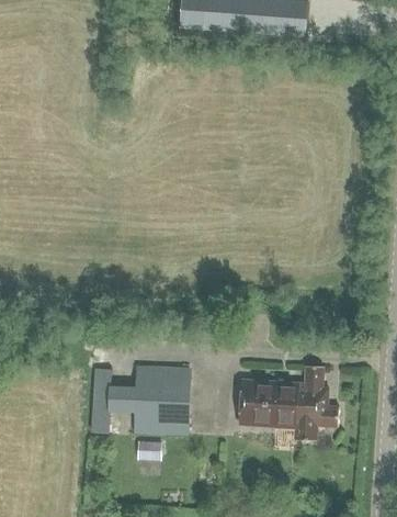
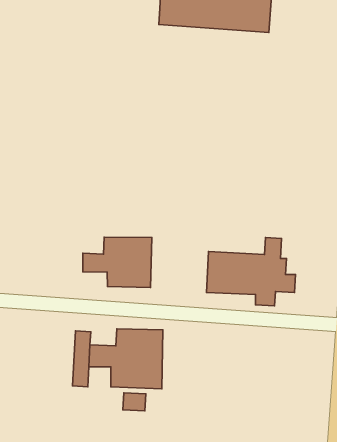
building: none -> [83,237,152,287]
building: [242,364,340,439] -> [206,238,296,306]

